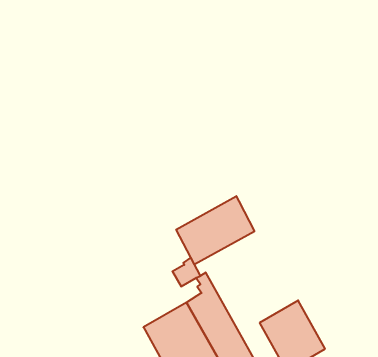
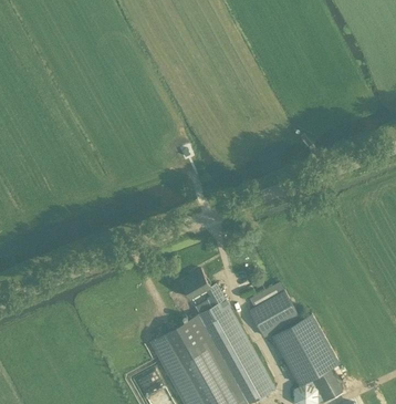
building: [176,196,254,265] -> none
building: none -> [248,292,299,339]

